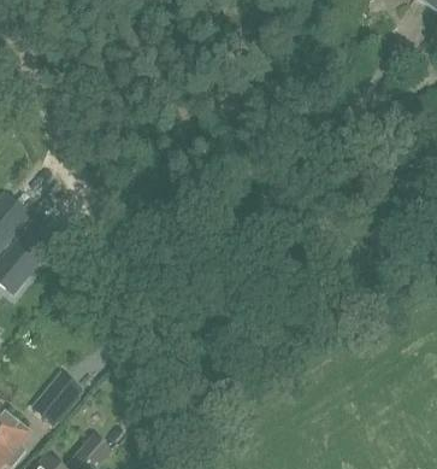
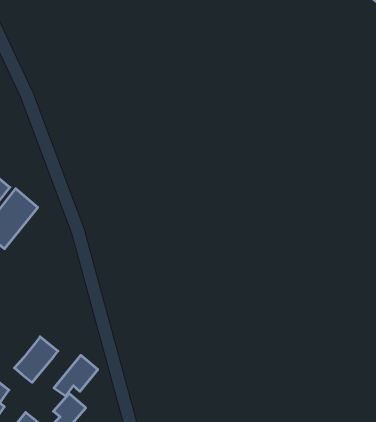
building: none -> [54,355,98,396]

